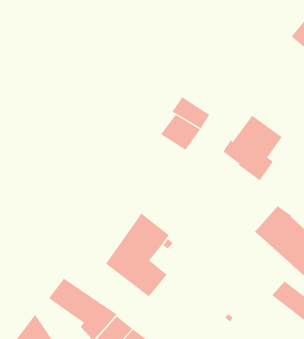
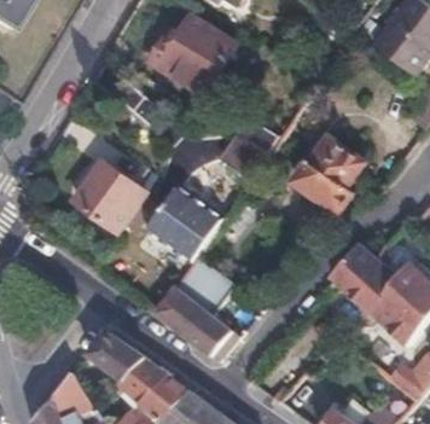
building: none -> [151,17,236,93]
building: none -> [74,162,144,231]
building: none -> [146,185,222,260]

